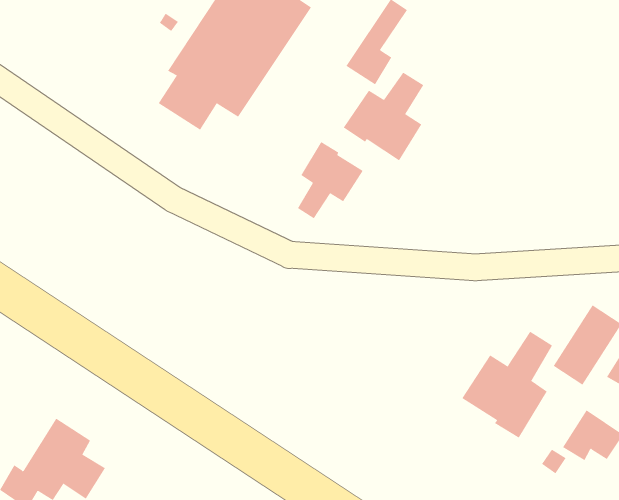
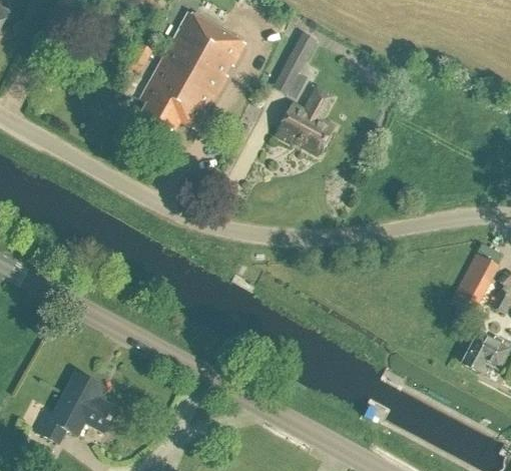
building: [297,141,364,219] -> none
building: [462,331,553,438] -> none

